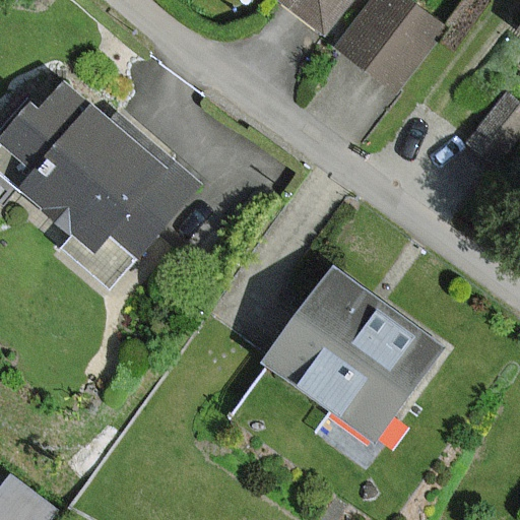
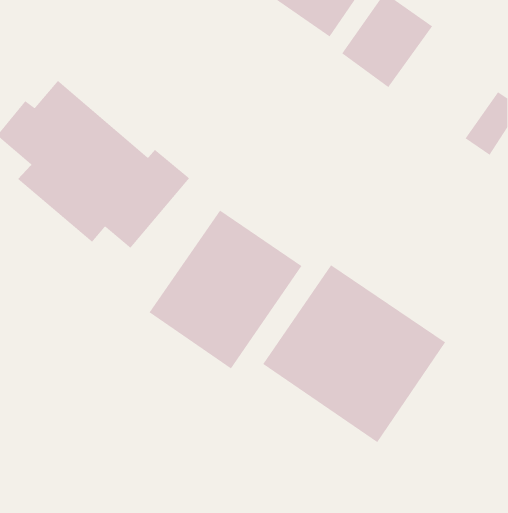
building: none -> [149,210,302,370]

